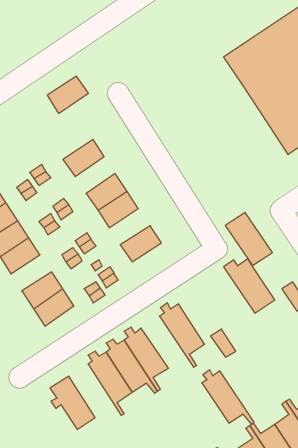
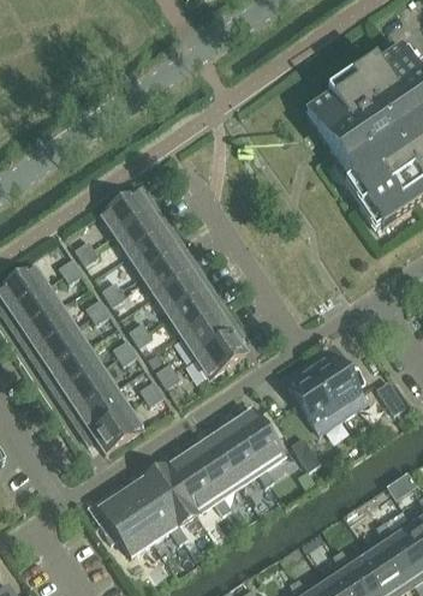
building: [47,76,88,113] -> [100,189,149,233]
building: none -> [127,230,175,274]
building: none -> [168,292,218,335]
building: [225,212,272,266] -> [286,369,342,433]
building: none -> [196,333,244,377]
building: none -> [50,347,100,391]
building: none -> [91,409,141,453]
building: none -> [120,477,183,542]
building: [202,370,254,424] -> [207,419,269,484]

